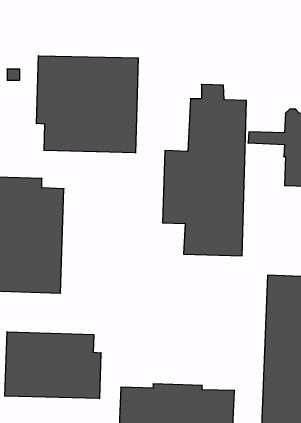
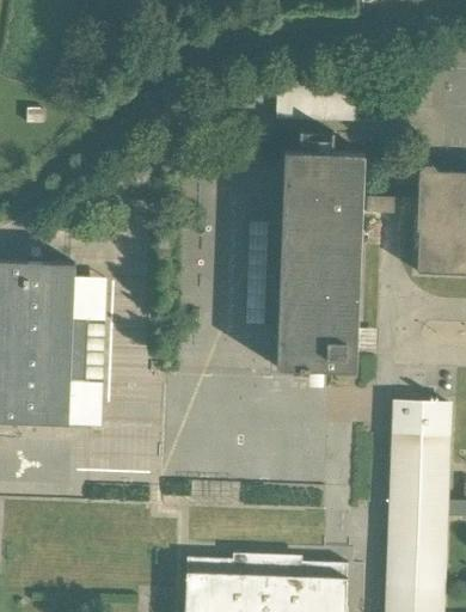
building: [37,56,138,153] -> none
building: [5,332,101,399] -> none

